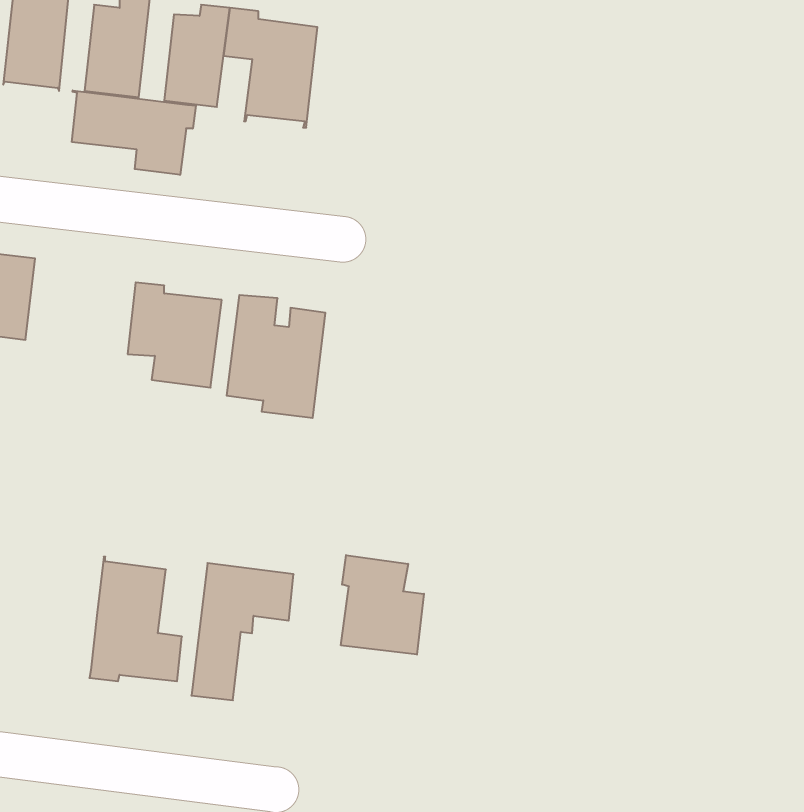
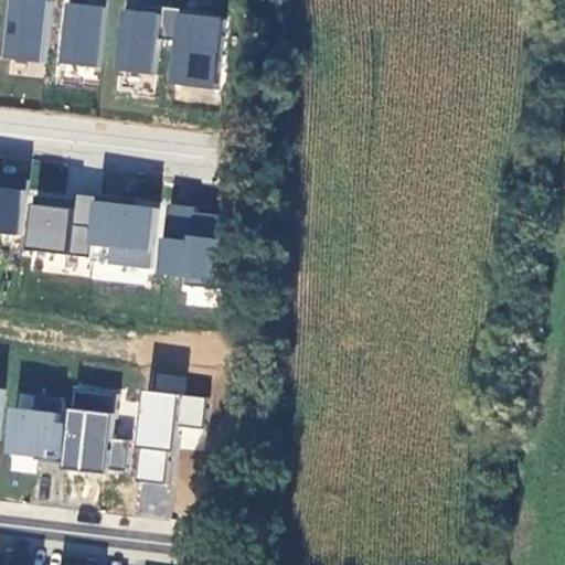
building: [72,90,196,175] -> none
building: none -> [26,193,94,257]
building: [341,555,424,655] -> none
building: none -> [6,395,67,463]

